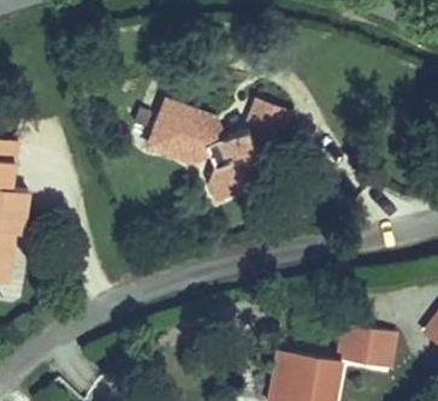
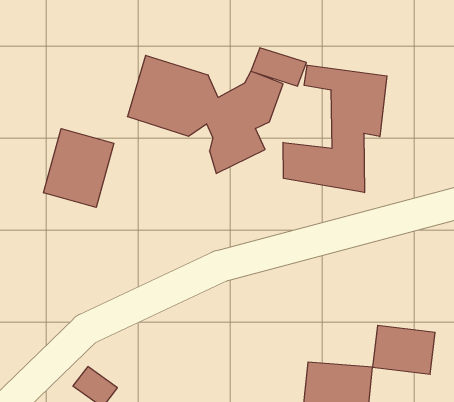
building: none -> [283,65,387,193]
building: none -> [44,129,114,207]

